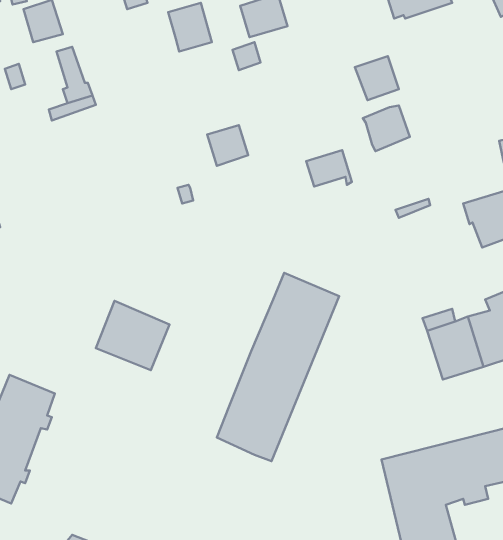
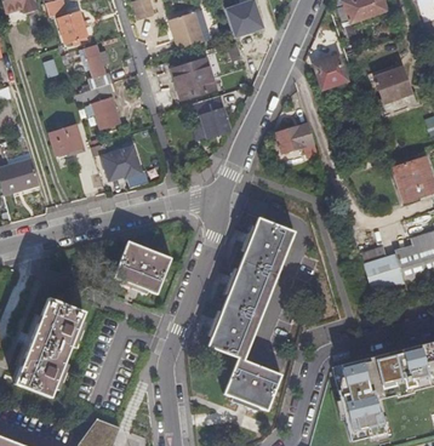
building: none -> [172,59,213,98]
building: [363,106,410,151] -> [376,68,412,103]
building: none -> [86,97,119,127]
building: none -> [48,124,82,156]
building: none -> [102,144,141,177]
building: none -> [222,360,279,413]

